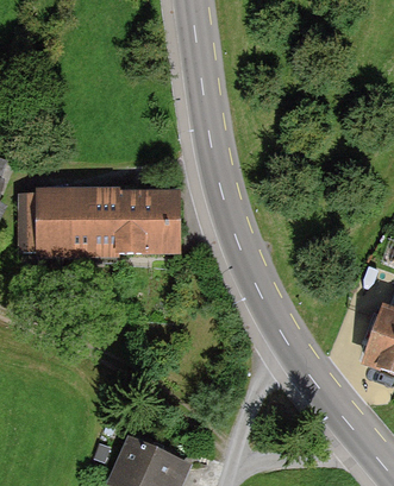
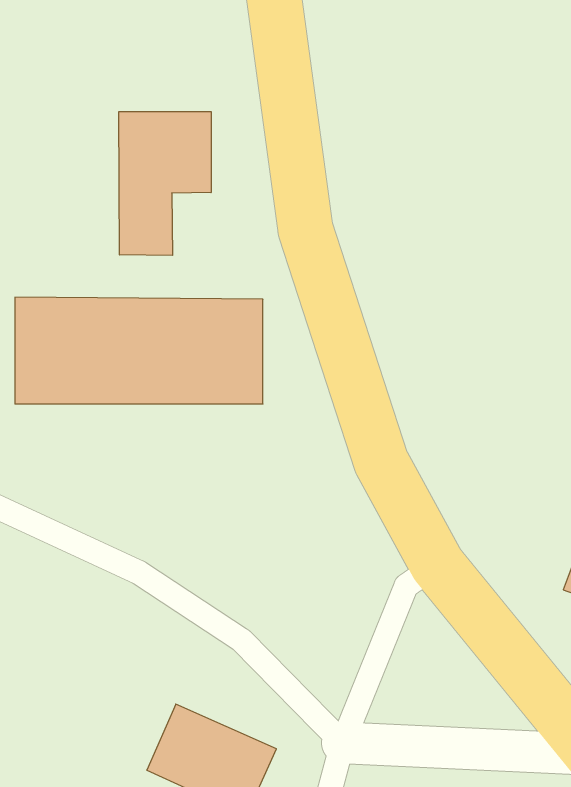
building: none -> [119,112,211,255]

